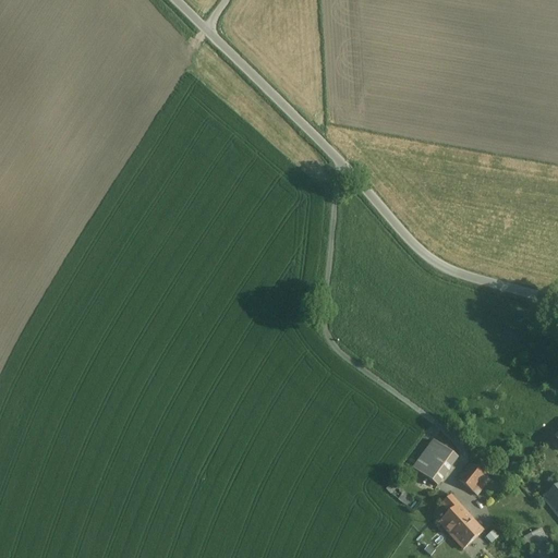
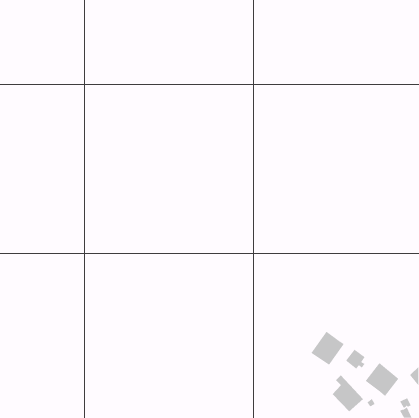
building: none -> [365,362,399,396]

